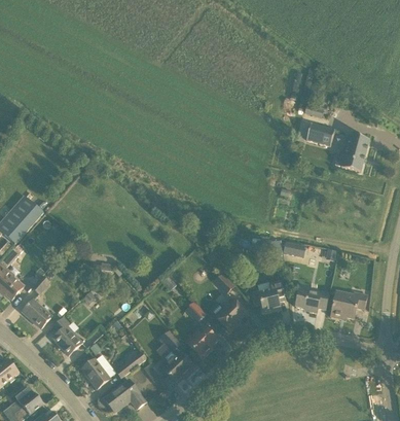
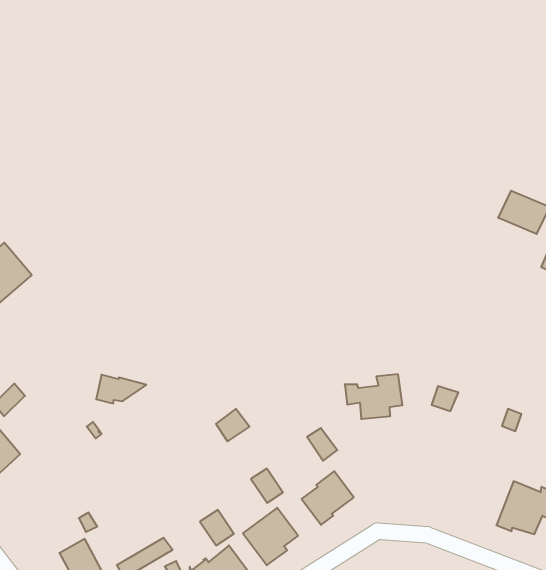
building: [250,282,285,311] -> [345,374,402,419]
building: [294,290,328,314] -> none
building: [52,317,81,355] -> none

